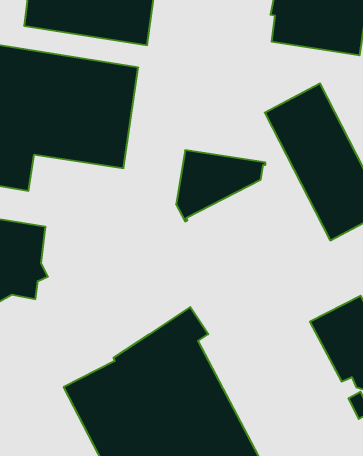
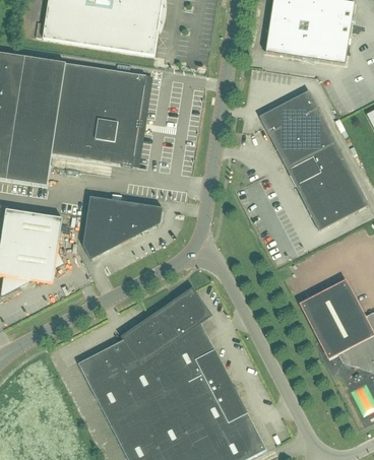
building: [176,150,265,221] -> [82,196,163,260]

